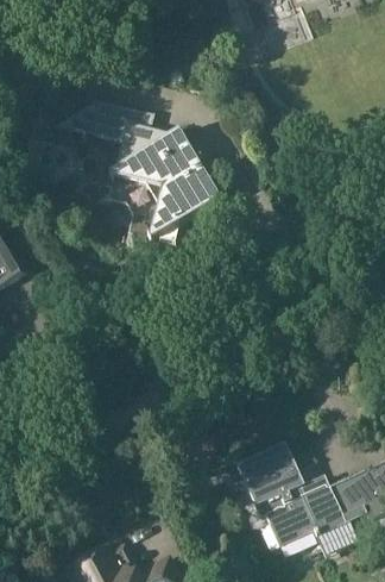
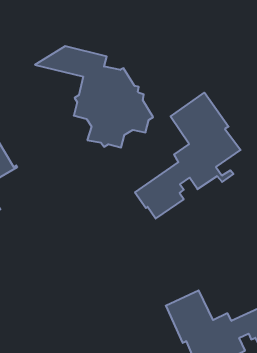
building: none -> [135,93,241,219]

